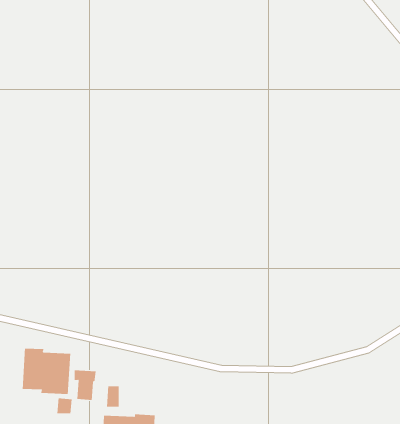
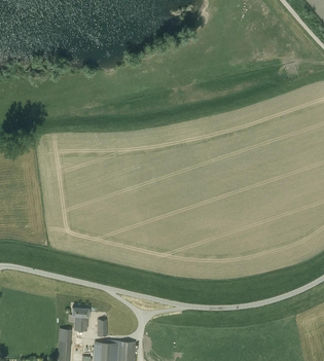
building: [22,348,71,395] -> none

